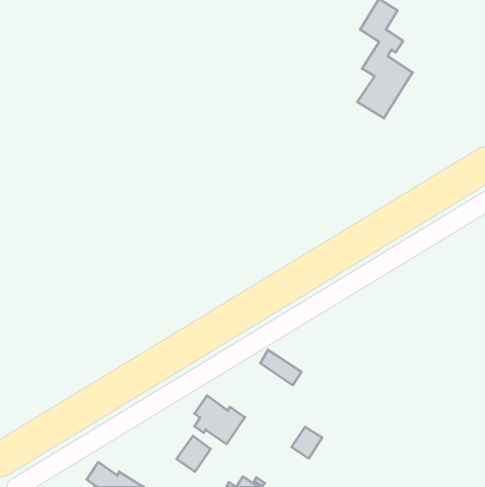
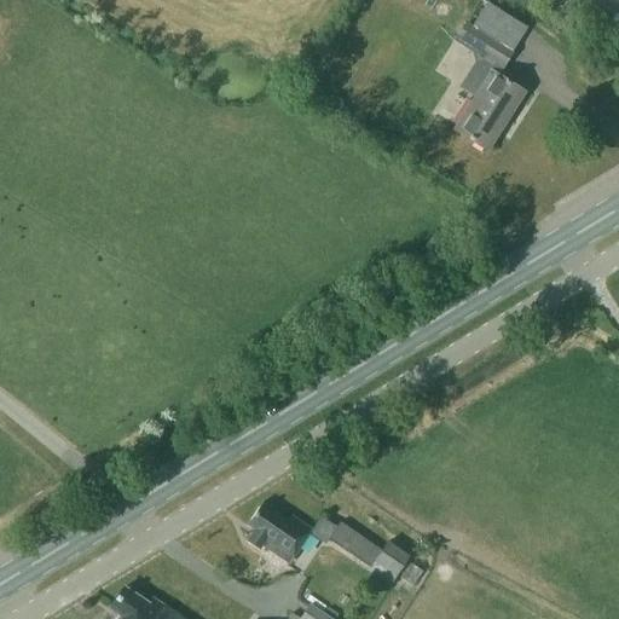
building: [260,350,301,385] -> [331,522,383,567]
building: [177,436,210,472] -> none

